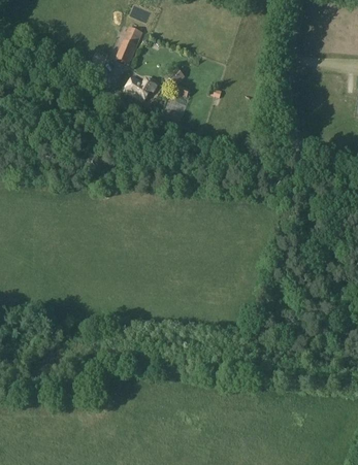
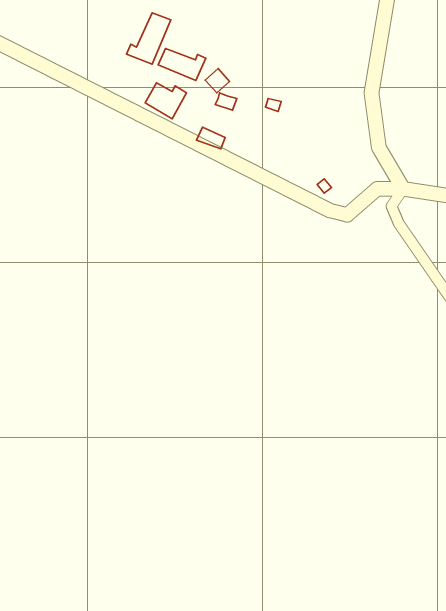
building: none -> [158,49,206,80]

